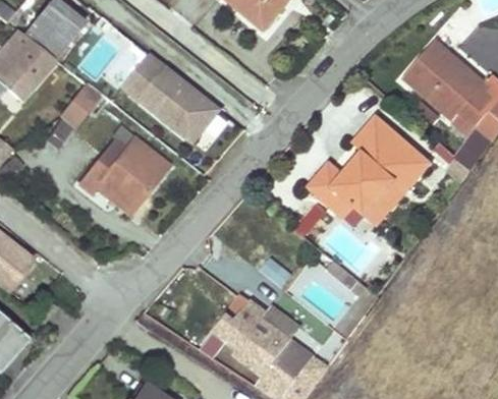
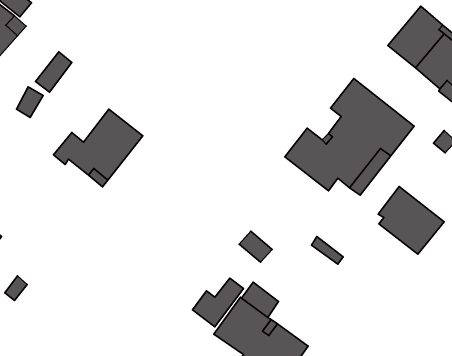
building: [122,55,218,144] -> none
building: none -> [378,186,444,254]

